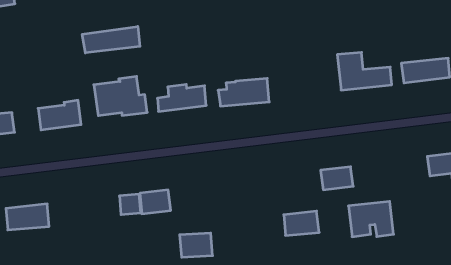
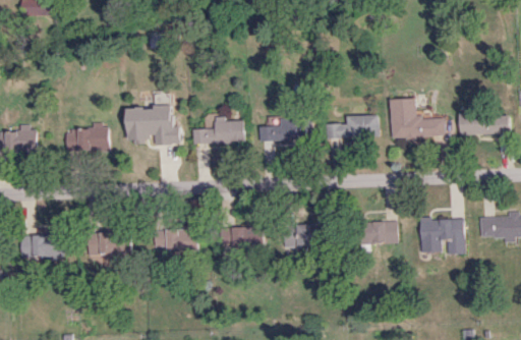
building: [82,26,140,53] -> none
building: none -> [326,115,379,139]
building: none -> [85,232,129,264]
building: [348,201,394,237] -> [417,218,463,254]
building: [284,211,319,235] -> [283,224,320,247]
building: [180,233,213,257] -> [229,225,263,250]

